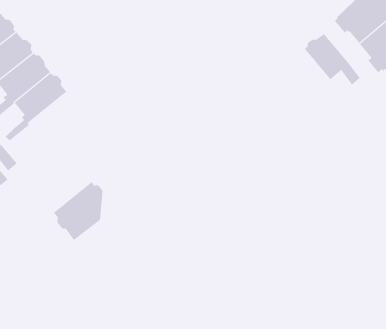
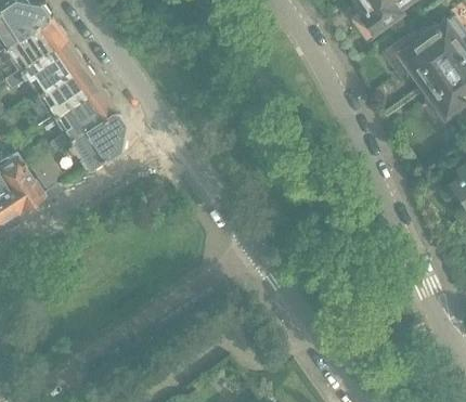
building: [304,33,361,85] -> none
building: [53,181,103,241] -> [69,109,124,170]

